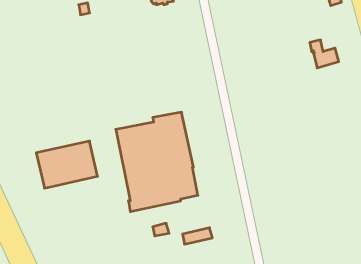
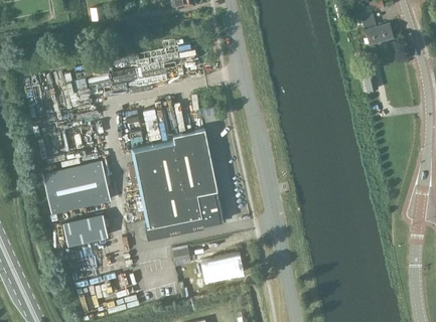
building: [310,40,339,68] -> [360,14,393,45]
building: none -> [62,214,108,246]

